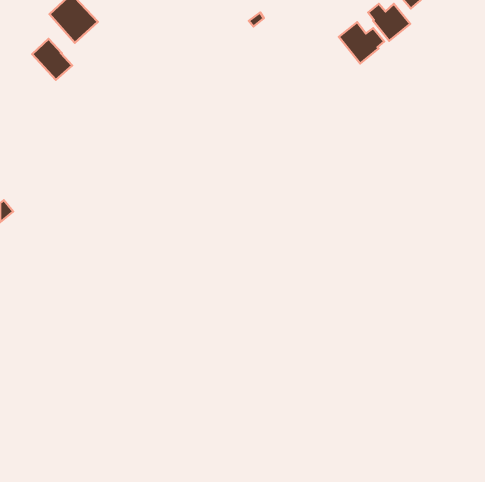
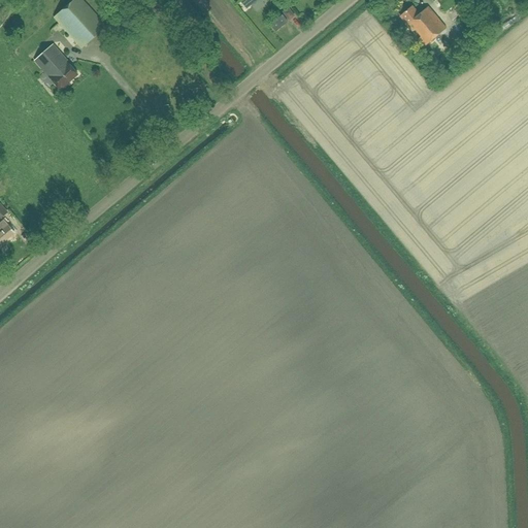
building: [339,22,384,64] -> none

